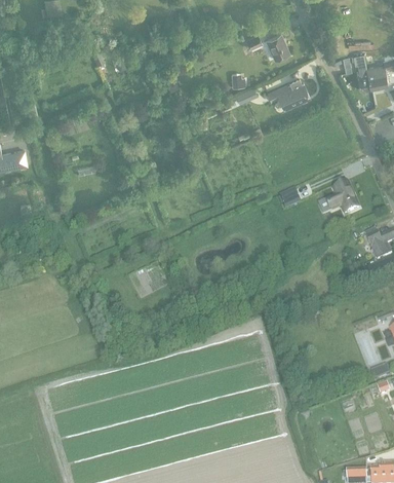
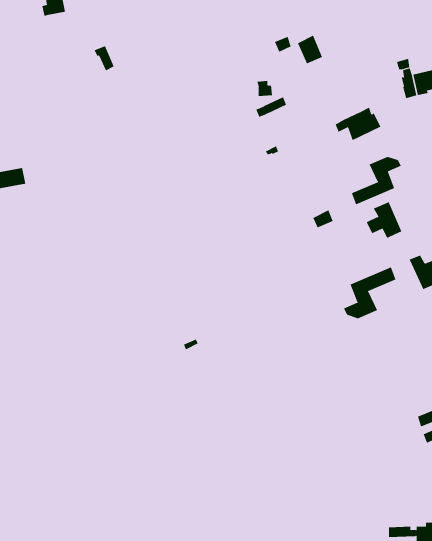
building: [267,79,308,109] -> [335,107,381,141]
building: none -> [351,156,402,205]
building: none -> [343,267,396,319]

